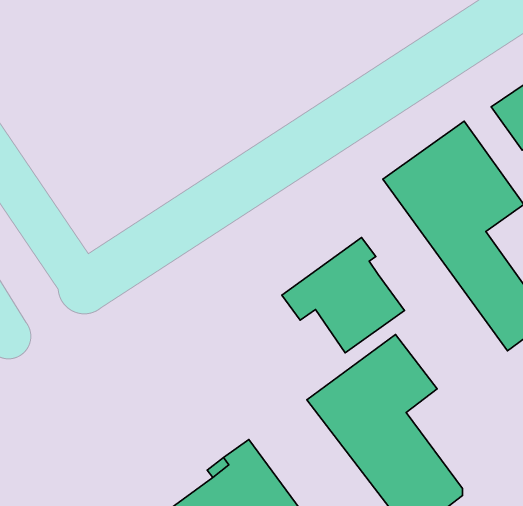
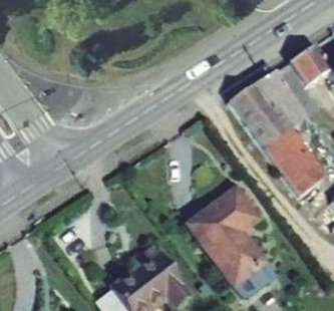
building: [282,237,405,353] -> none

